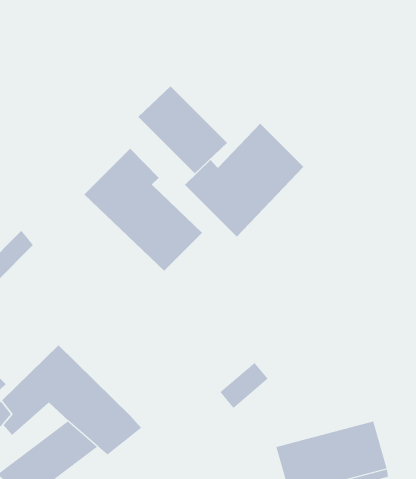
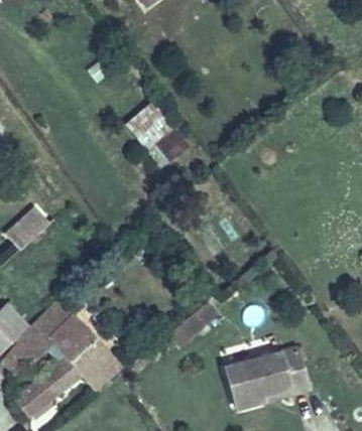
building: [184,123,304,238] -> none
building: [83,148,203,272] -> none

